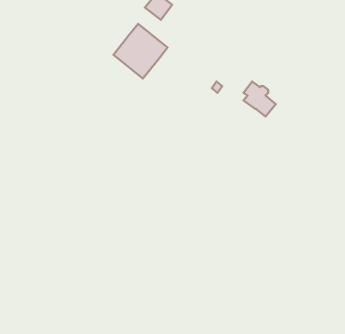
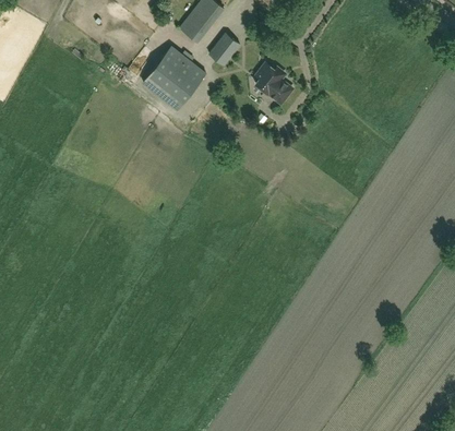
building: none -> [208,33,240,64]
building: [244,81,276,116] -> [255,62,292,103]

